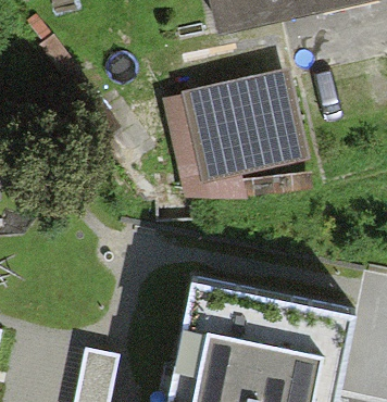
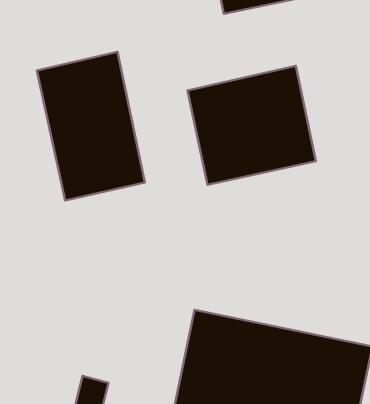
building: none -> [37,52,145,200]

